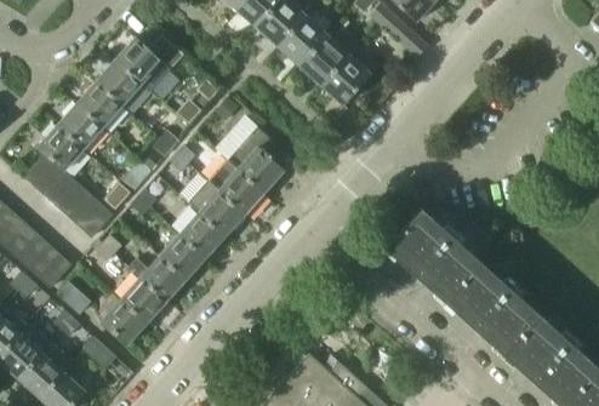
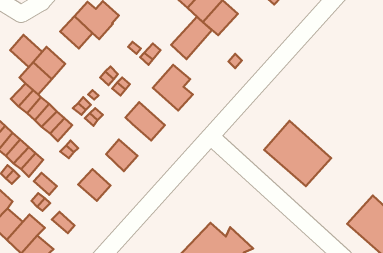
building: [320,46,378,107] -> [171,17,212,59]
building: [75,81,121,127] -> [10,35,42,67]
building: [207,161,263,215] -> none
building: [178,213,224,258] -> none
building: [130,256,186,301] -> none
building: [445,262,541,355] -> none
building: [101,299,147,345] -> none

